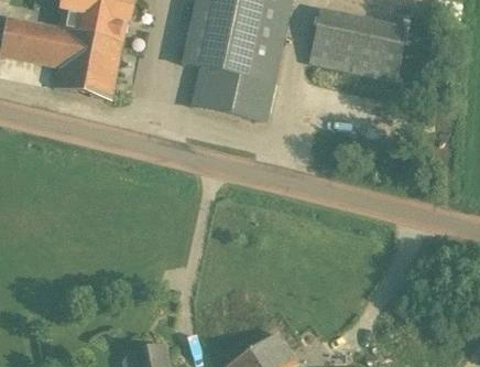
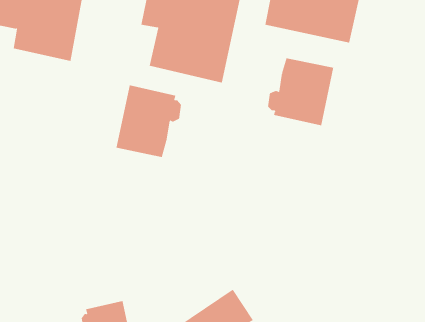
building: none -> [268,57,334,126]
building: none -> [116,84,182,158]

